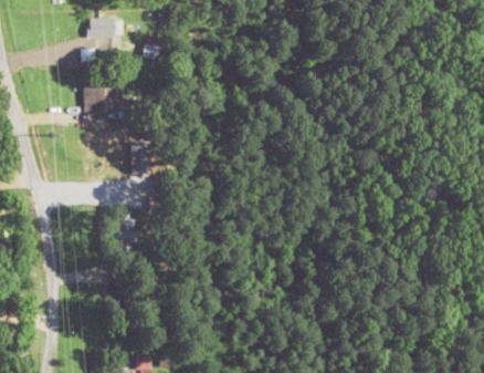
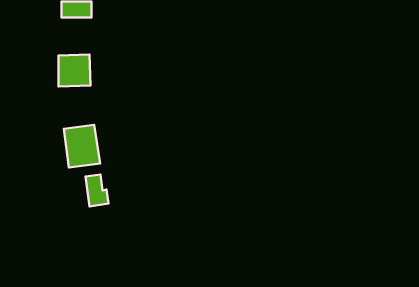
building: none -> [64,125,100,168]

